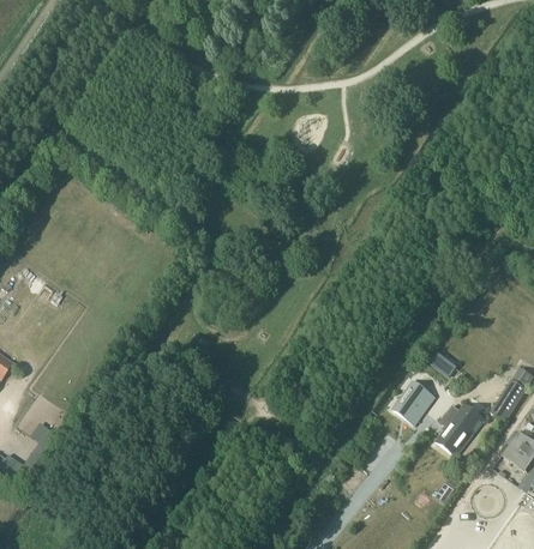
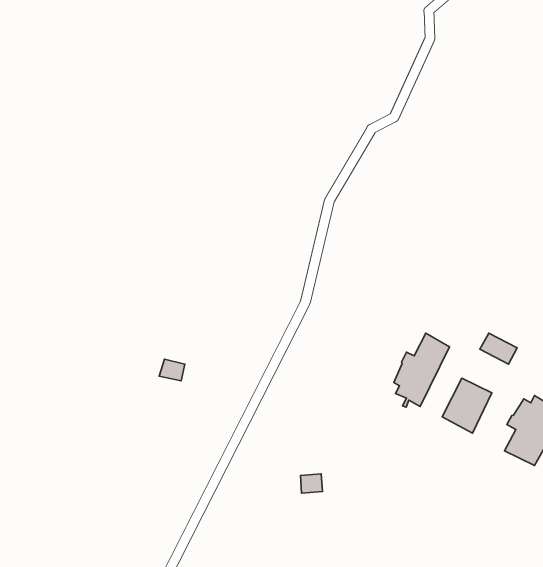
building: none -> [394,333,449,407]

